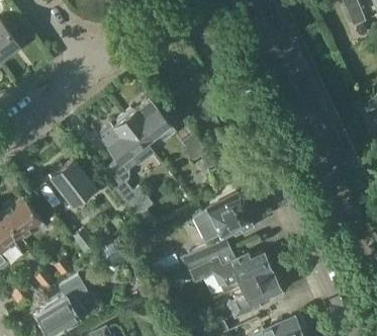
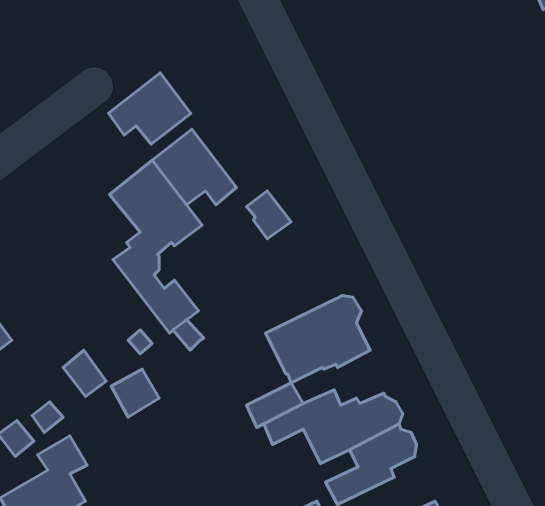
building: none -> [108,73,191,144]
building: [49,158,99,203] -> none

